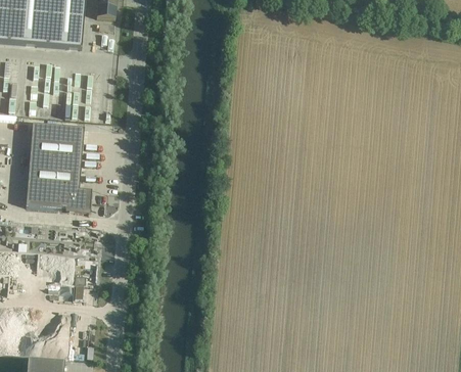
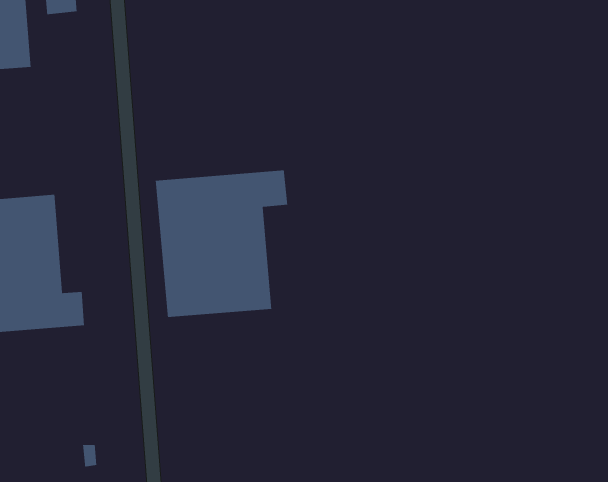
building: none -> [155,170,288,318]

